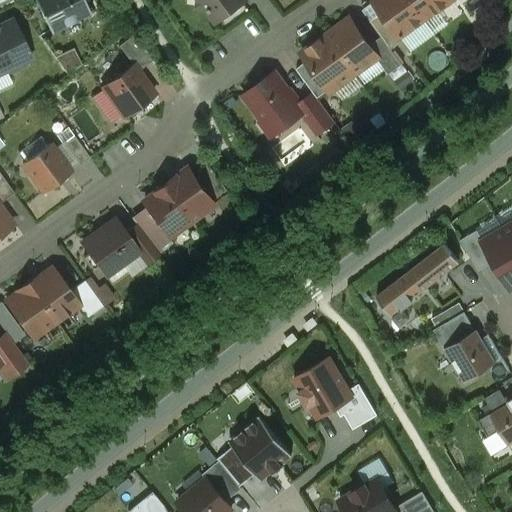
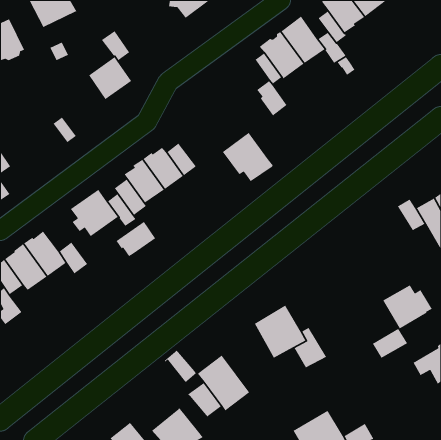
building: [243,74,303,132] -> [222,132,274,182]
building: [22,145,70,193] -> none
building: [376,245,458,316] -> none
building: none -> [115,221,156,257]
building: [432,313,474,349] -> [372,328,408,359]
building: [204,460,242,499] -> [164,349,197,383]

